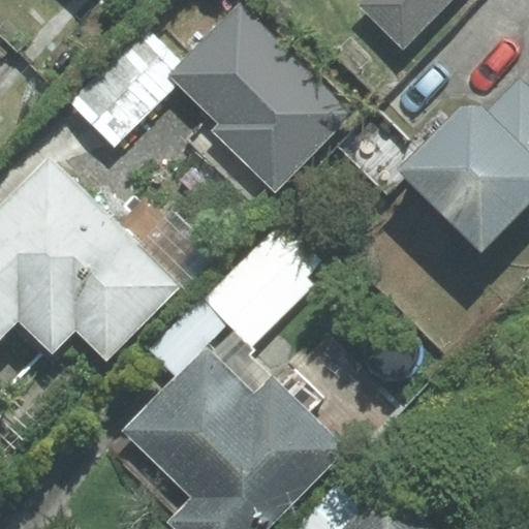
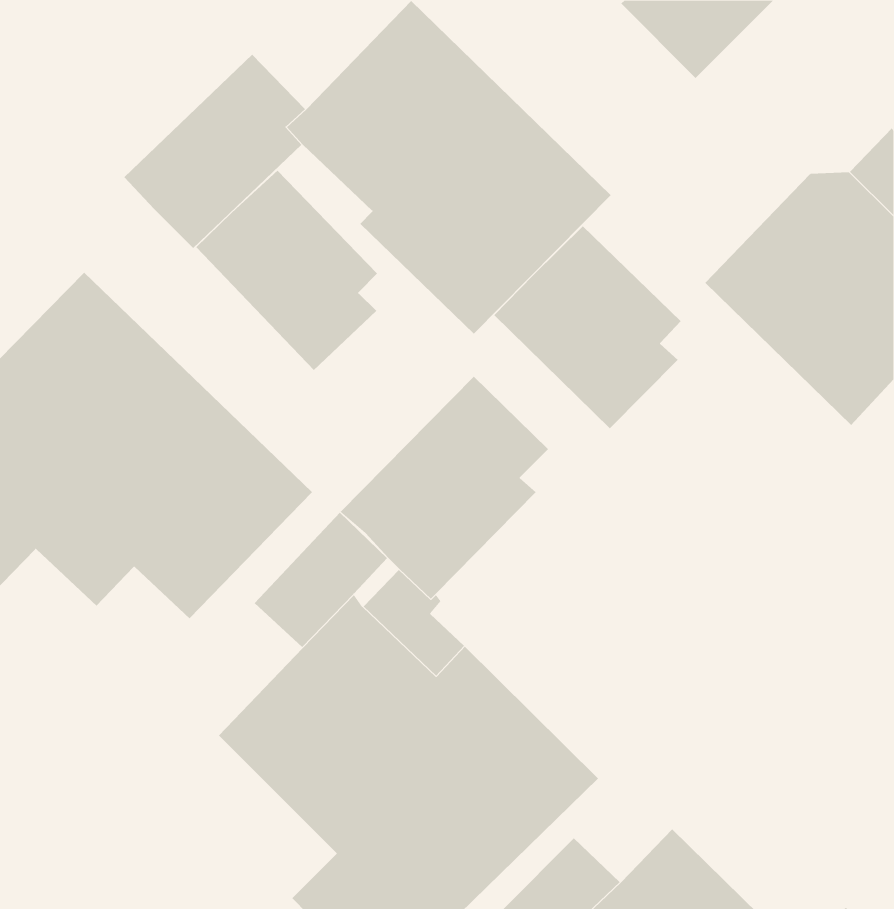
building: none -> [195,170,378,371]
building: none -> [494,225,681,429]

